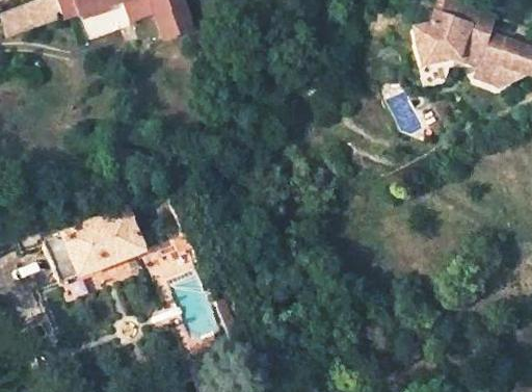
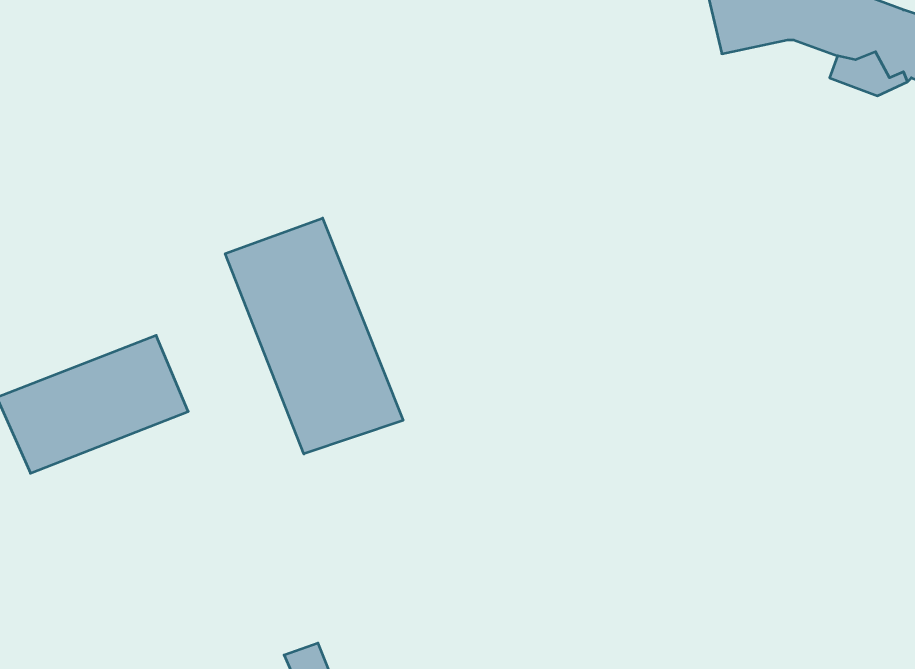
building: none -> [225,218,403,454]

